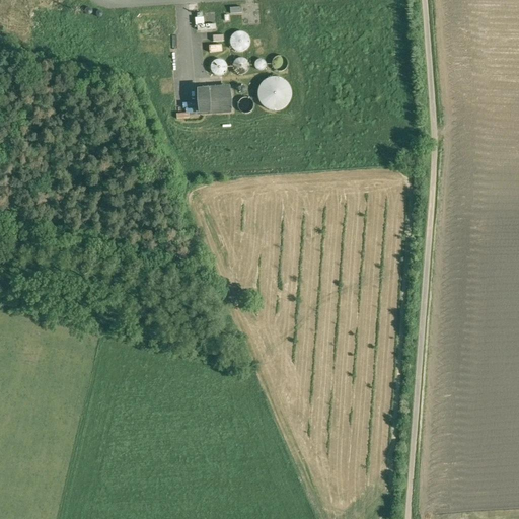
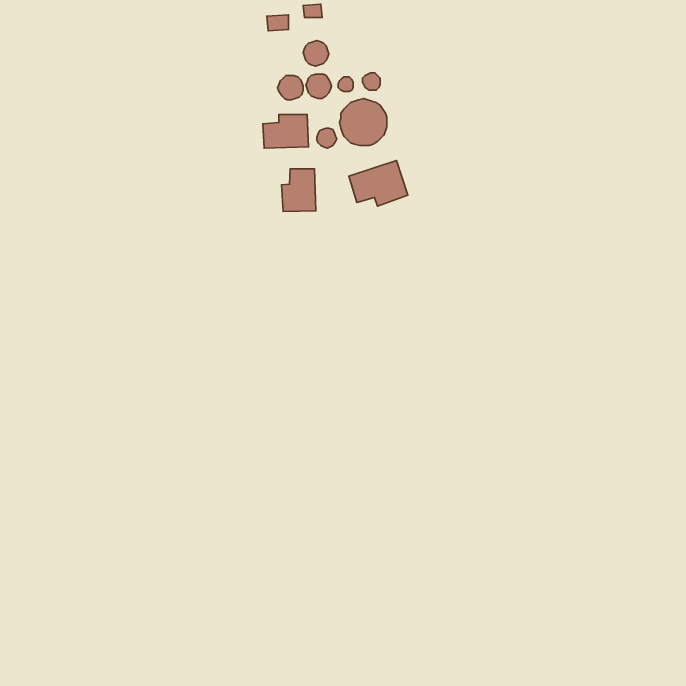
building: none -> [349,160,408,206]
building: none -> [281,169,316,211]

